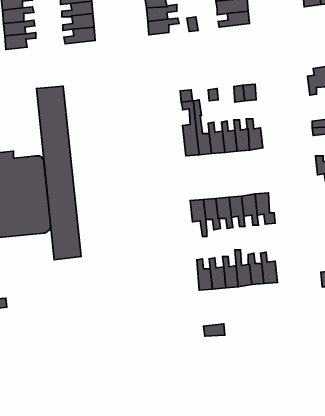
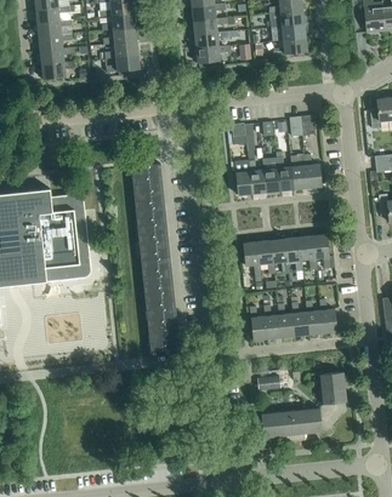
building: [36,86,81,260] -> [131,164,180,352]
building: none -> [261,371,346,442]

